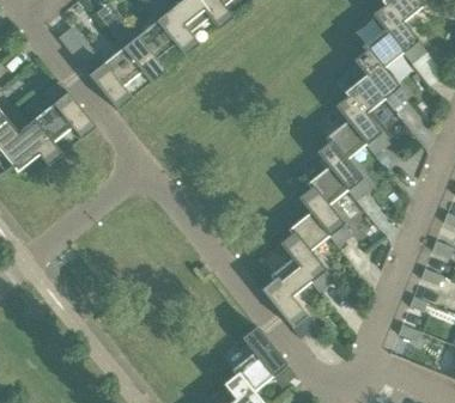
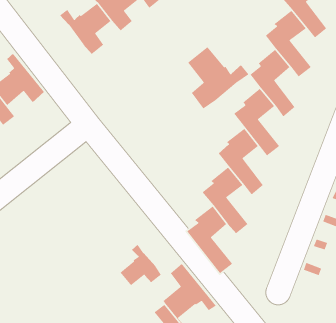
building: [77,48,140,109] -> none
building: none -> [187,46,250,109]
building: none -> [119,244,162,286]

